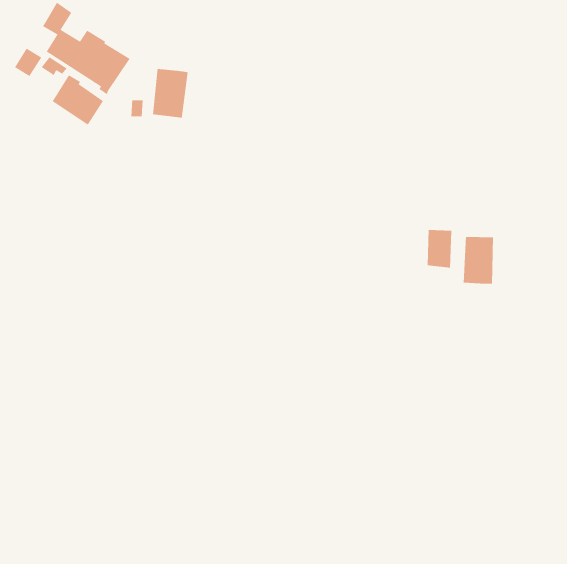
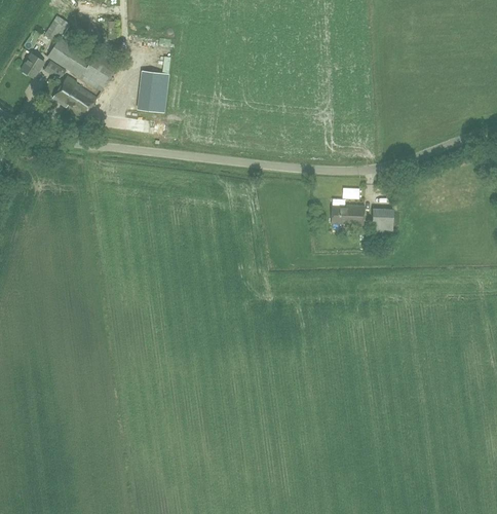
building: none -> [331,205,365,225]
building: [463,236,494,284] -> none

